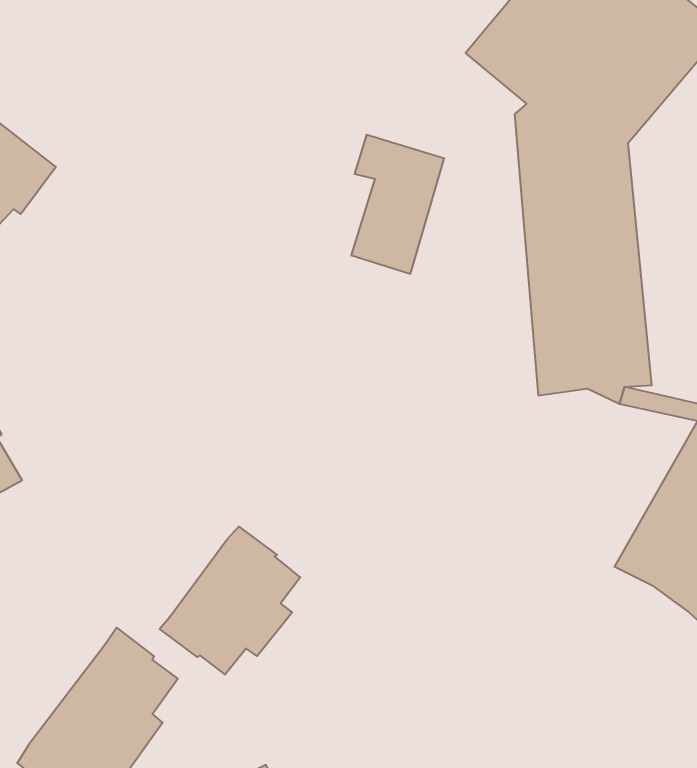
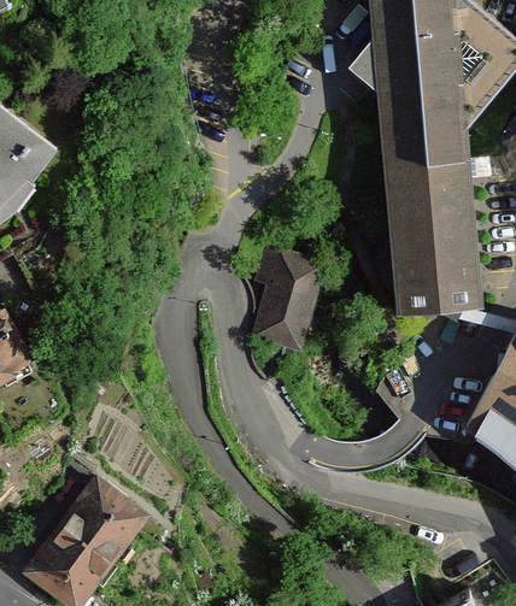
building: [351,135,444,274] -> [256,248,322,347]
building: [160,527,300,675] -> none

